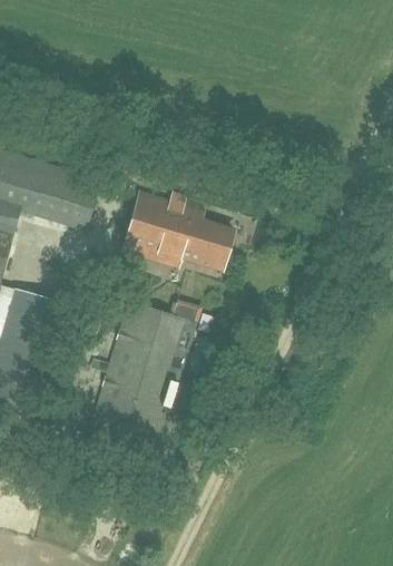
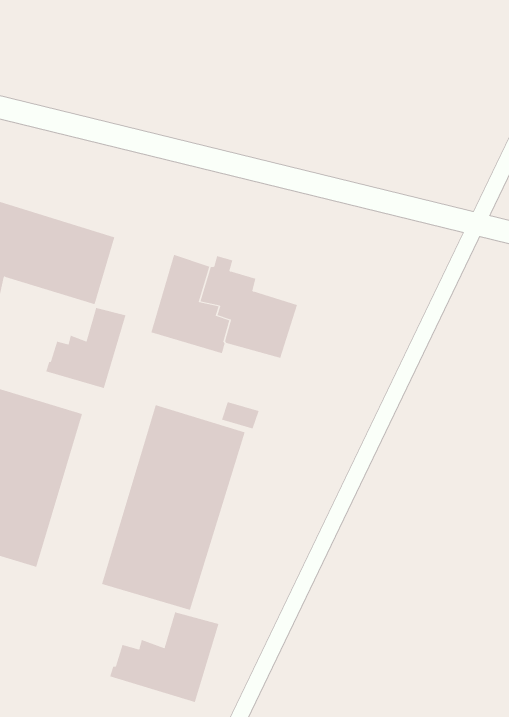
building: none -> [46,307,126,389]
building: none -> [110,611,219,703]

